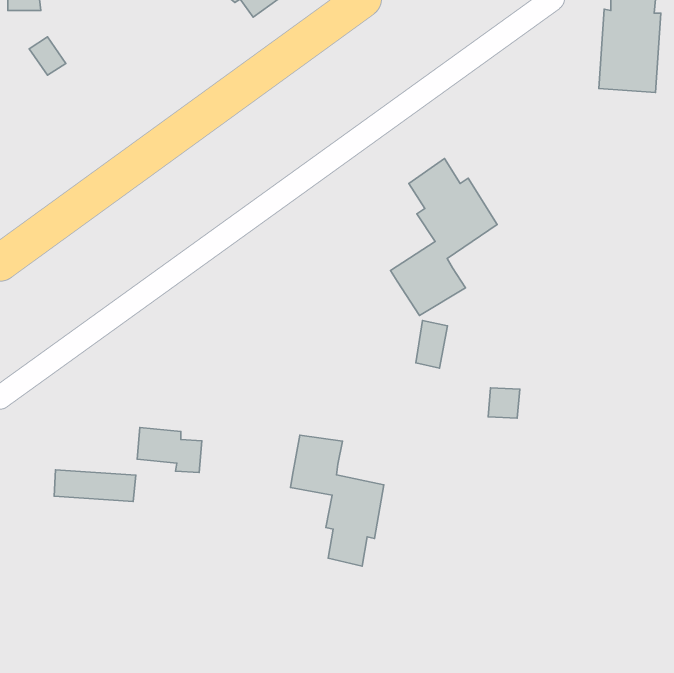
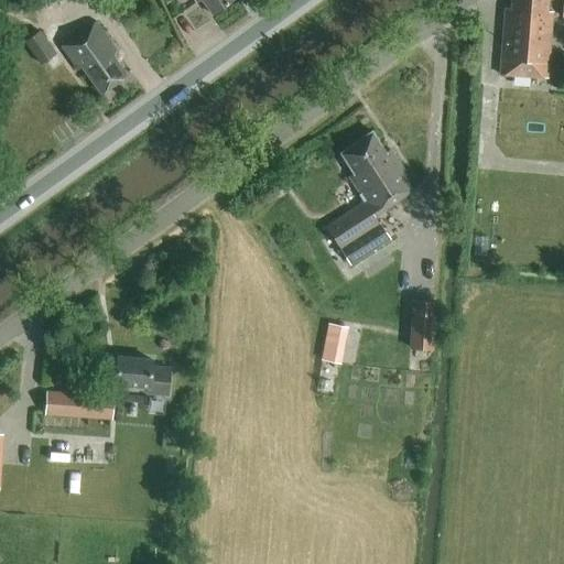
building: none -> [61,21,127,94]
building: [416,321,447,368] -> [322,321,348,360]
building: [290,435,384,566] -> none

